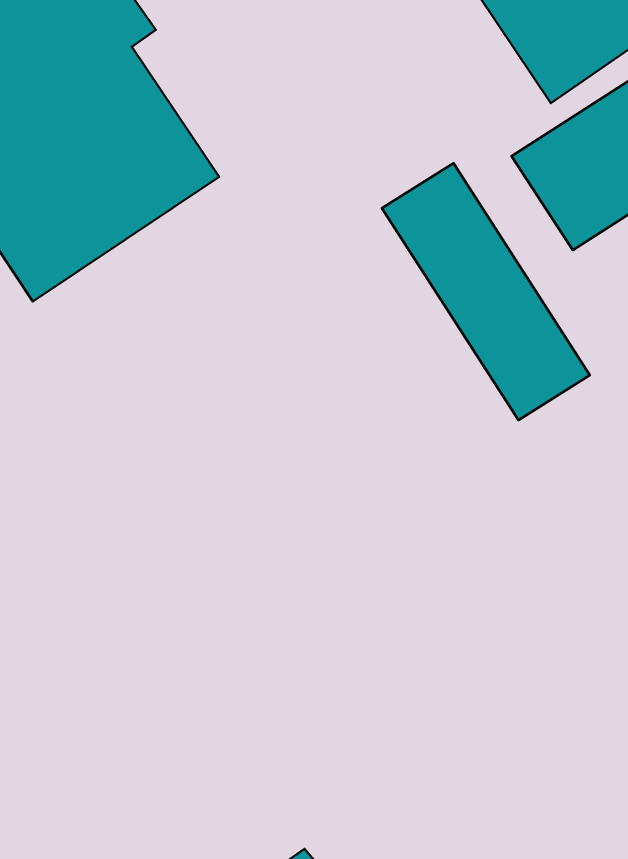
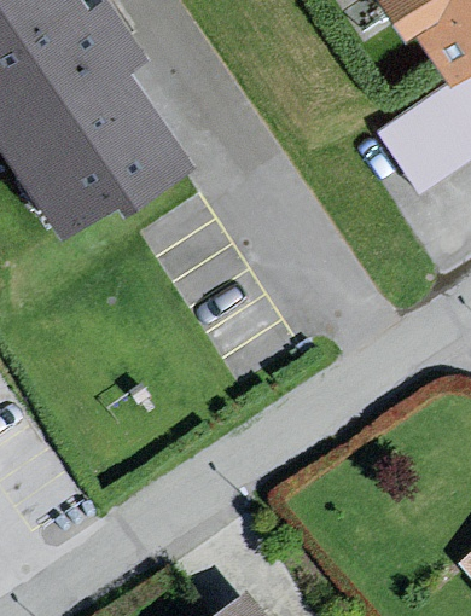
building: [382,163,590,420] -> none

